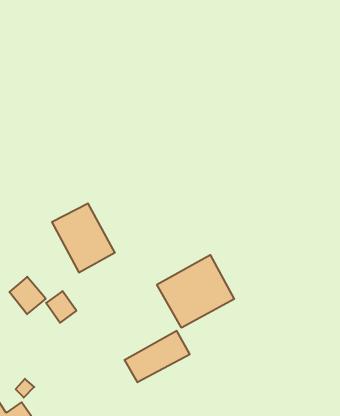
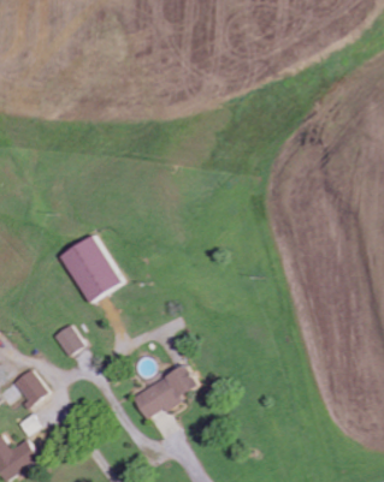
building: [157,255,234,328] -> none
building: [9,277,46,314] -> [11,369,48,407]

